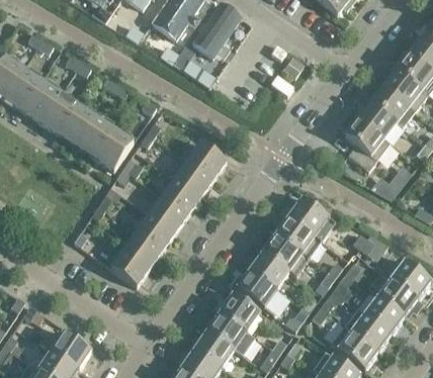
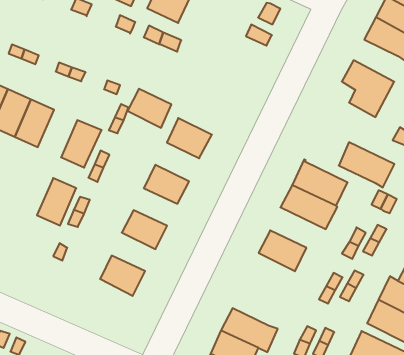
building: [358,103,397,144] -> none
building: [77,117,114,159] -> [37,178,76,226]
building: [174,162,212,198] -> [127,89,171,128]
building: [149,197,187,232] -> none
building: [123,231,162,268] -> none
building: [262,233,310,277] -> [339,142,394,187]
building: [232,269,277,308] -> none
building: [219,293,260,333] -> none

